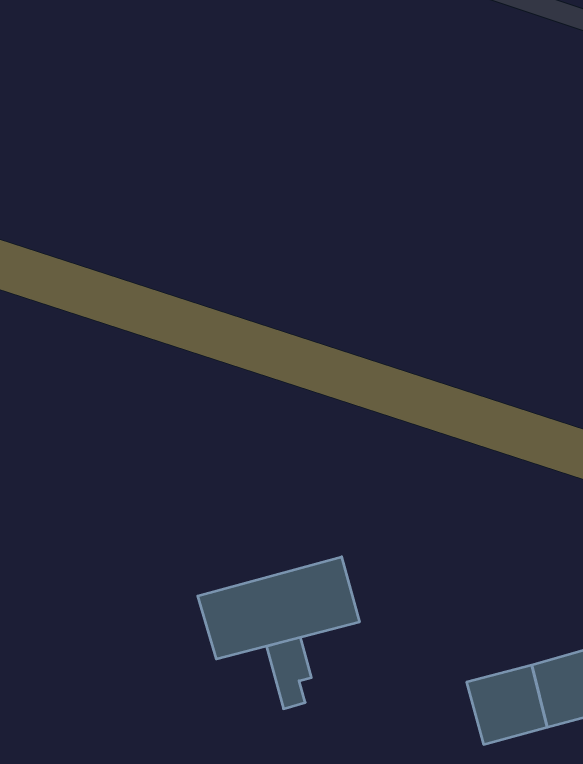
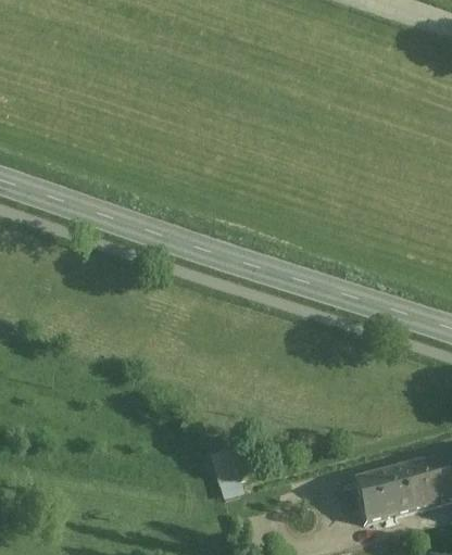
building: [198,557,359,659] -> none

